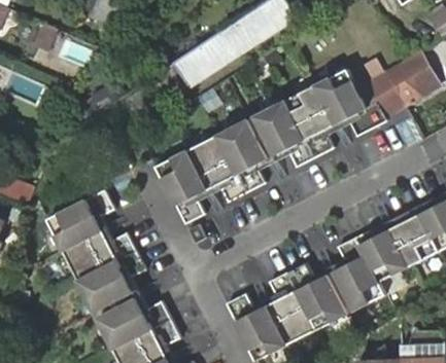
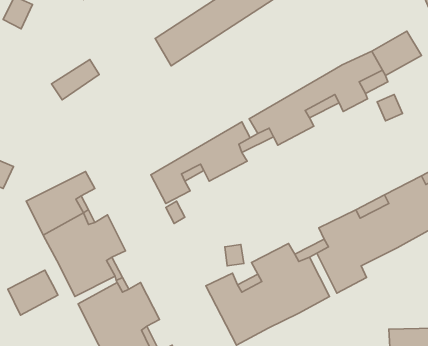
building: [253,70,356,140] -> none
building: [155,117,259,194] -> none
building: none -> [8,270,58,315]

